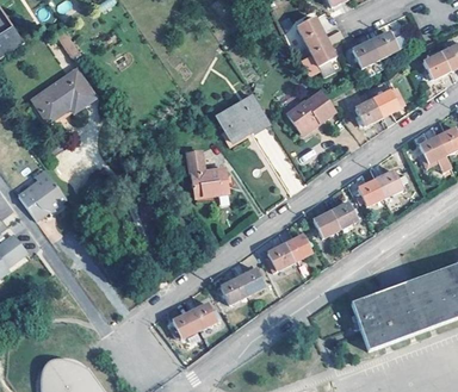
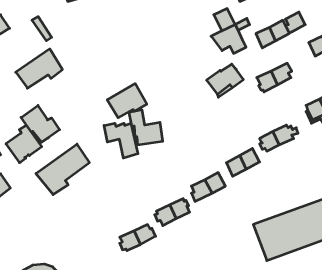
building: [216,93,268,138] -> [107,84,147,118]
building: none -> [21,105,60,142]
building: none -> [104,123,138,158]
building: none -> [36,144,89,195]

